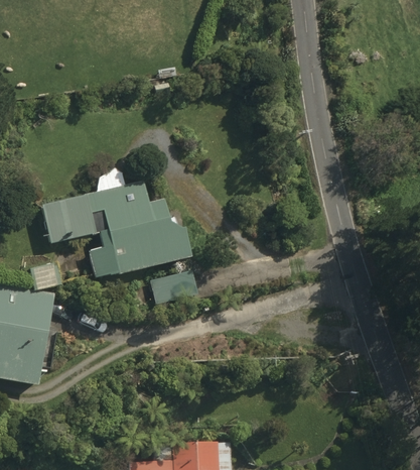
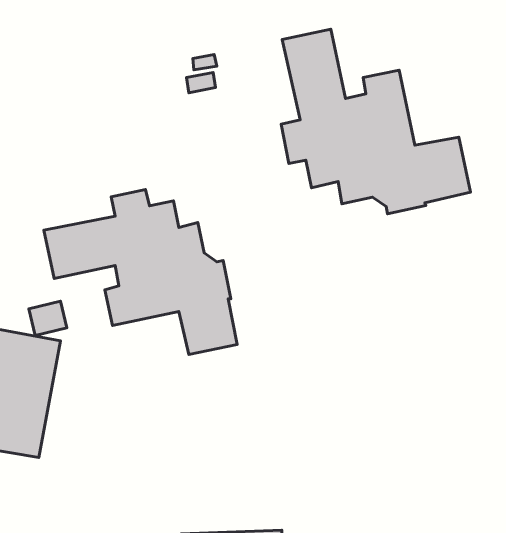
building: none -> [281,29,470,214]

